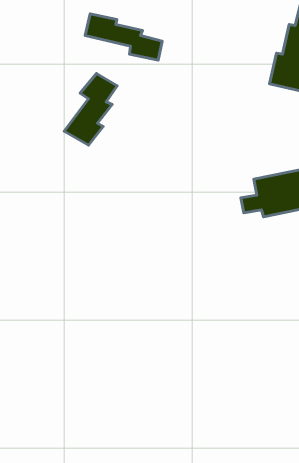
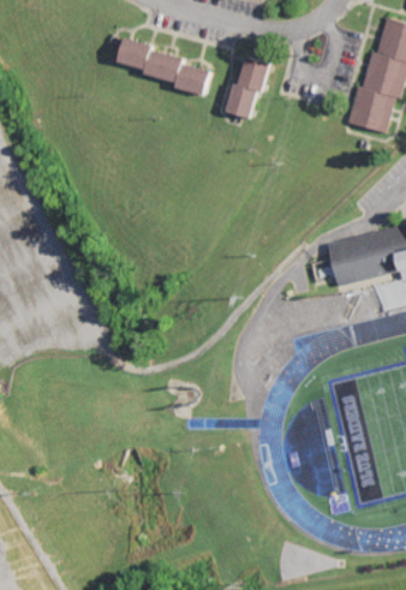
building: none -> [223,58,271,119]
building: [64,74,117,145] -> none

